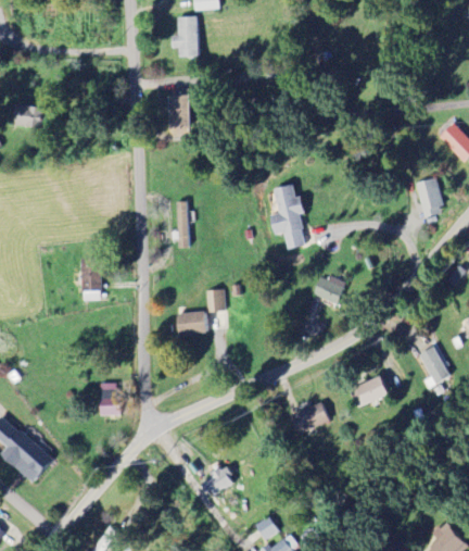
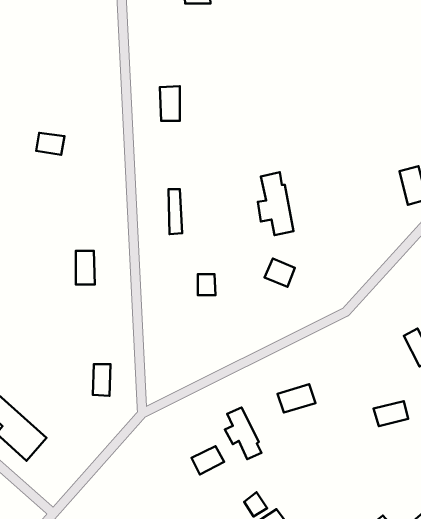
building: [170,15,198,57] -> none
building: [13,104,42,127] -> [36,133,64,155]
building: [313,274,344,303] -> [264,258,295,287]
building: [176,311,205,335] -> none
building: [350,378,385,404] -> [373,401,408,426]
building: none -> [225,407,262,459]

